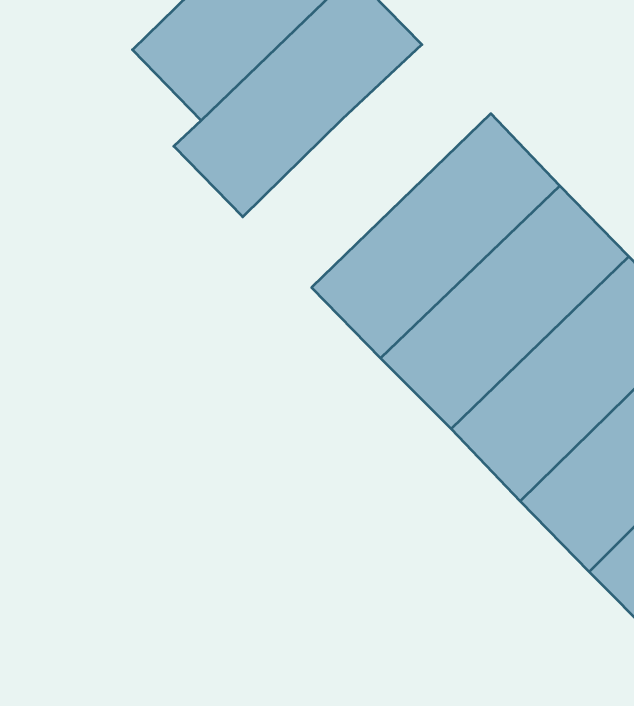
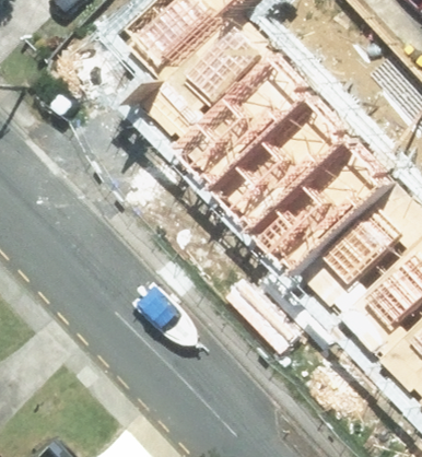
building: none -> [166,33,324,187]

